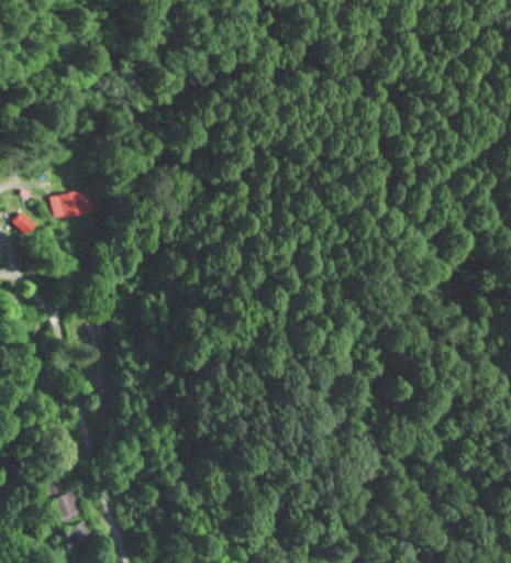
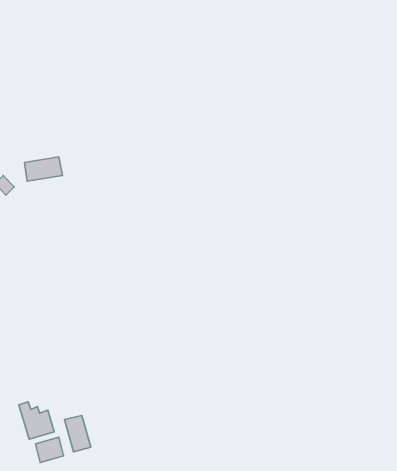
building: none -> [65,415,91,452]

